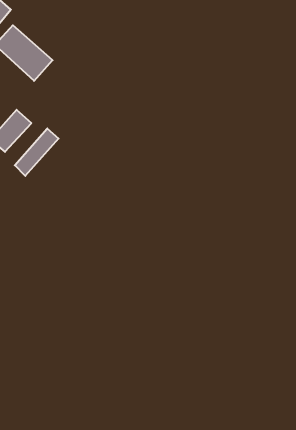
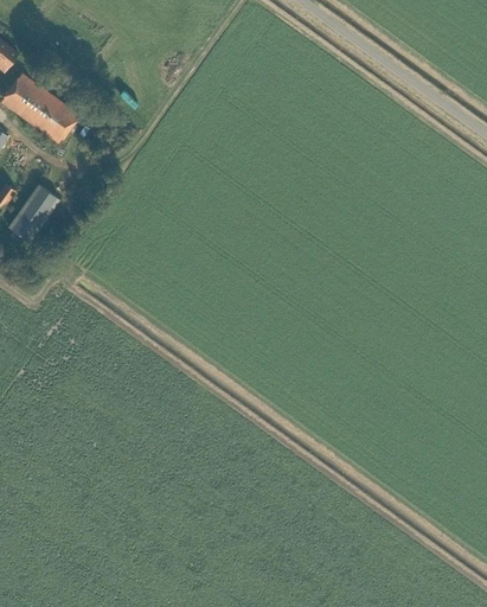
building: [15,128,59,176] -> none

